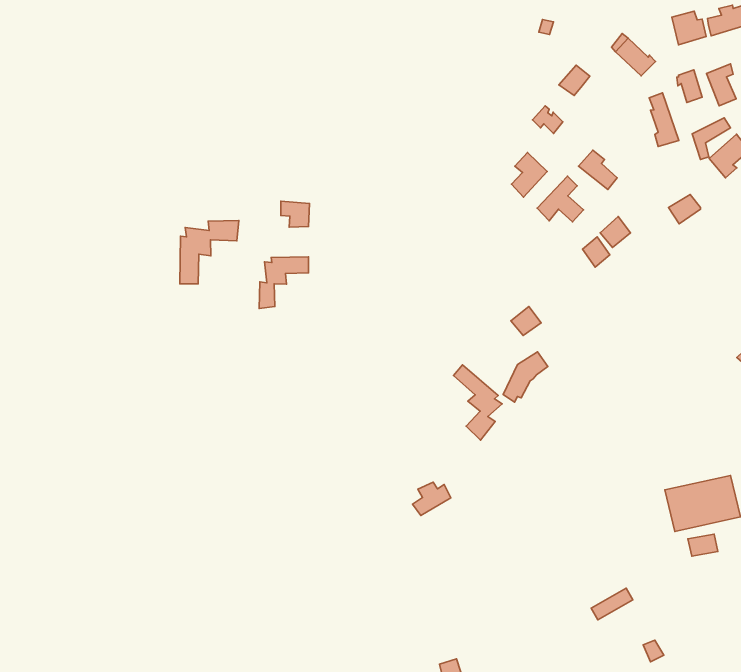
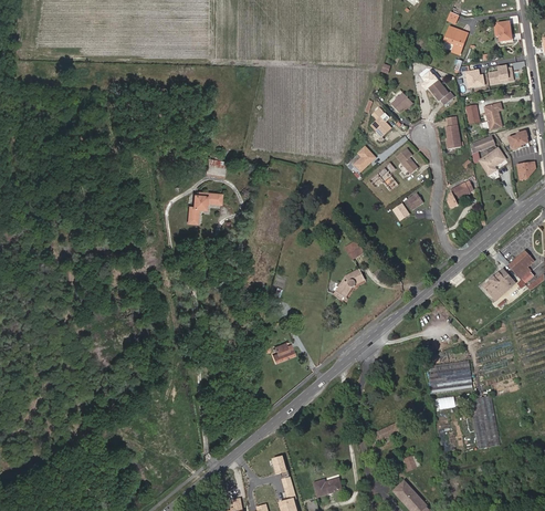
building: [180,220,239,284] -> none
building: [453,365,502,440] -> none

